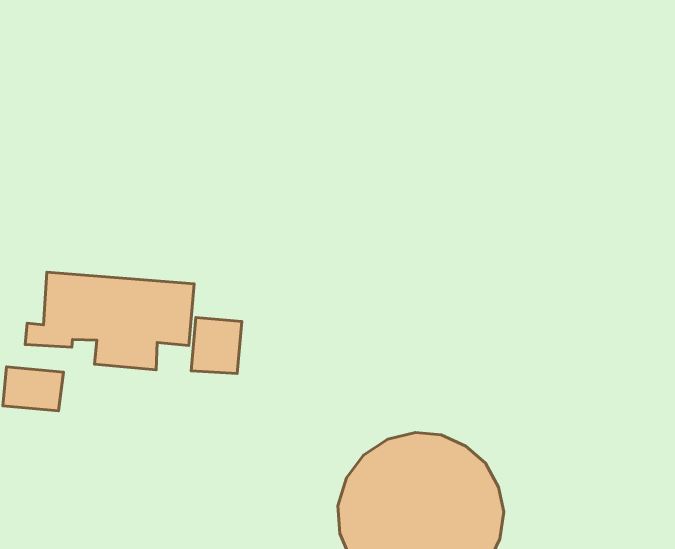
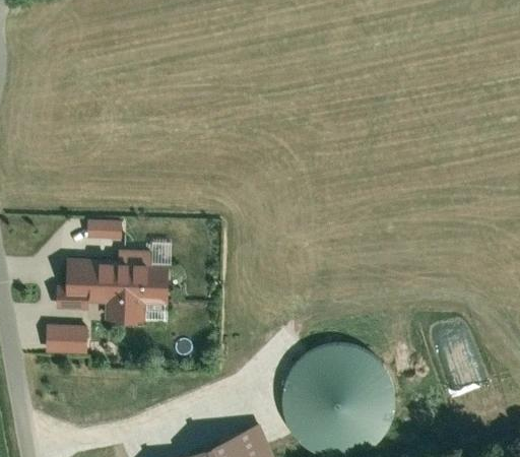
building: none -> [89,217,123,235]
building: [191,317,242,374] -> none

